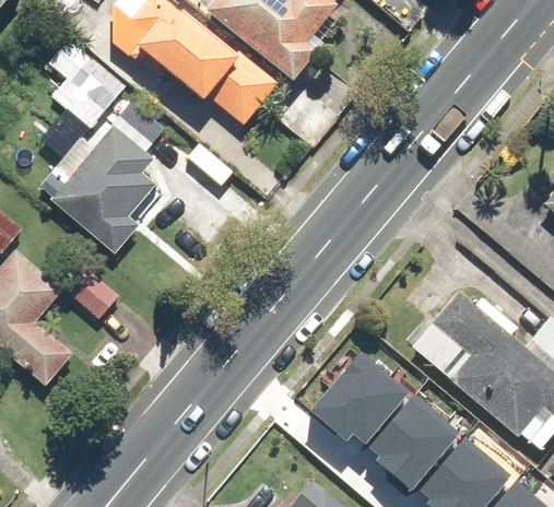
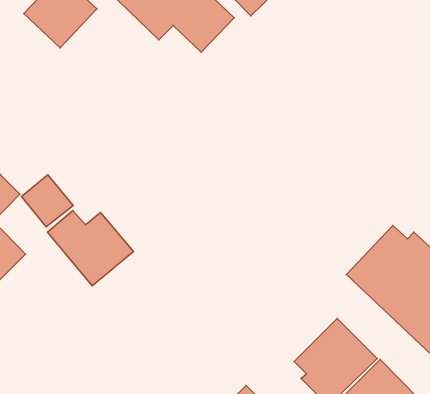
building: [50,122,155,254] -> none
building: none -> [48,210,133,286]
building: [309,356,402,445] -> none

